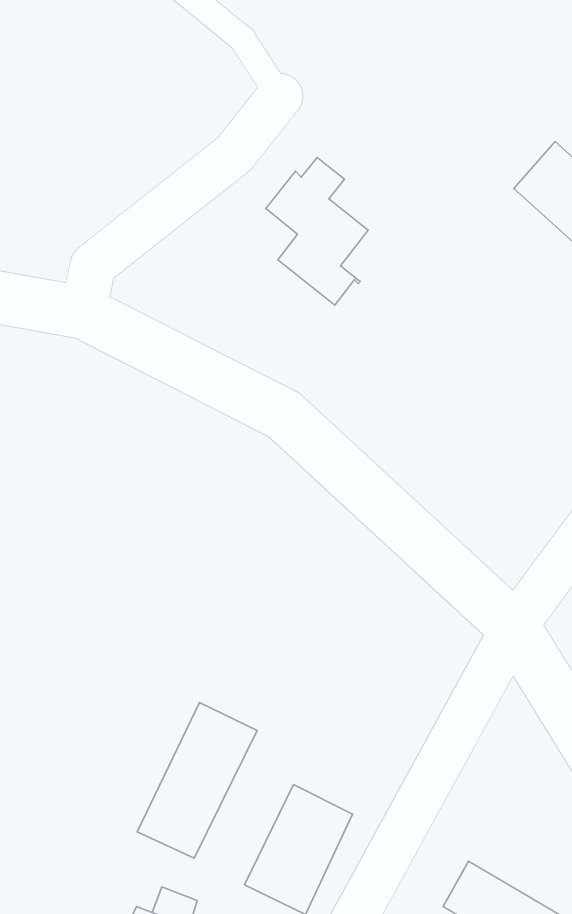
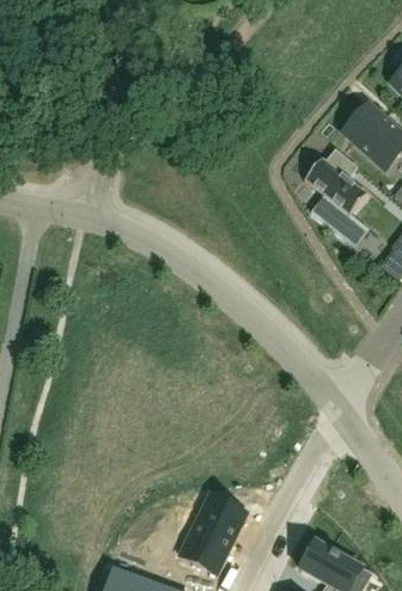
building: [266,158,368,305] -> [304,148,366,238]
building: [137,702,257,858] -> none

